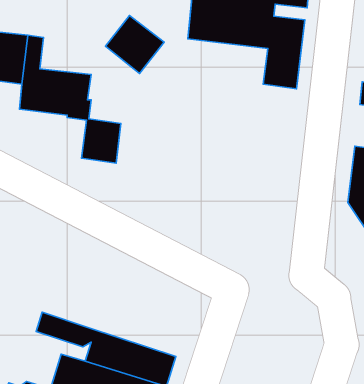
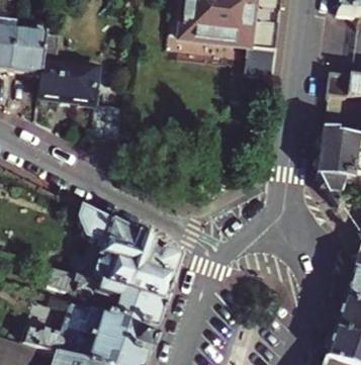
building: [105,16,164,74] -> none
building: none -> [81,205,186,304]

